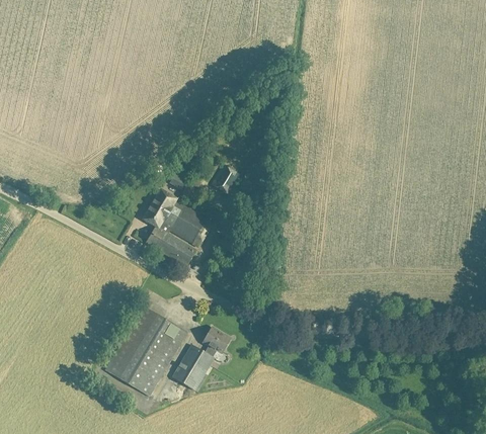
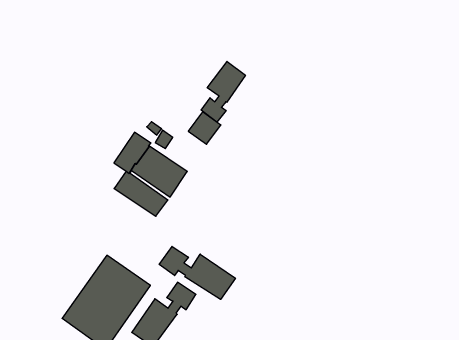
building: none -> [201,61,245,122]
building: none -> [159,246,235,299]

